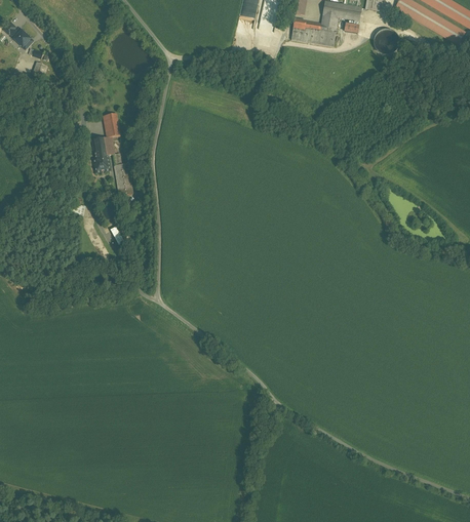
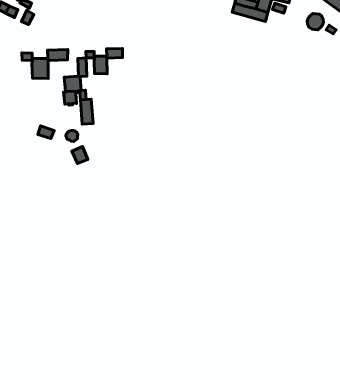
building: none -> [86,48,123,74]
building: none -> [22,49,68,78]

